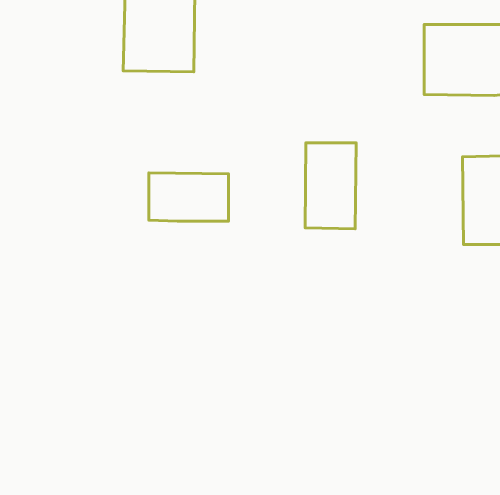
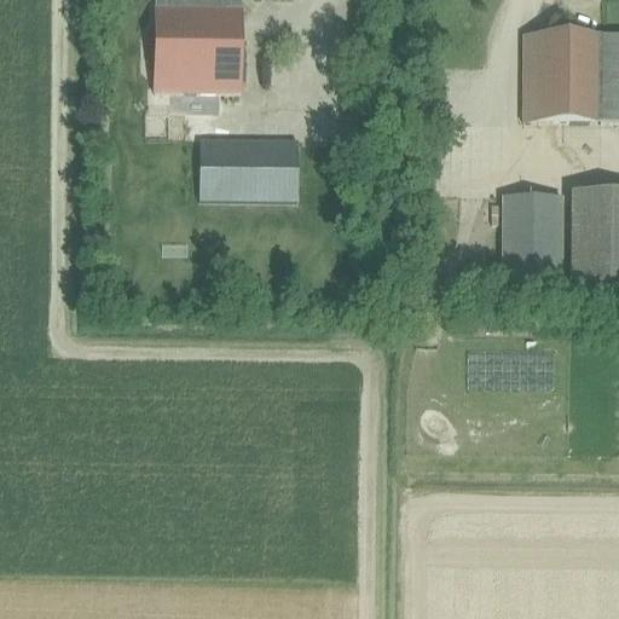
building: [305,143,356,229] -> [503,192,566,297]
building: [149,173,229,221] -> [199,137,297,196]

